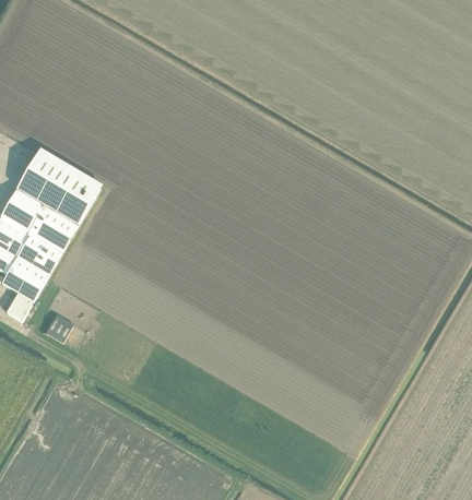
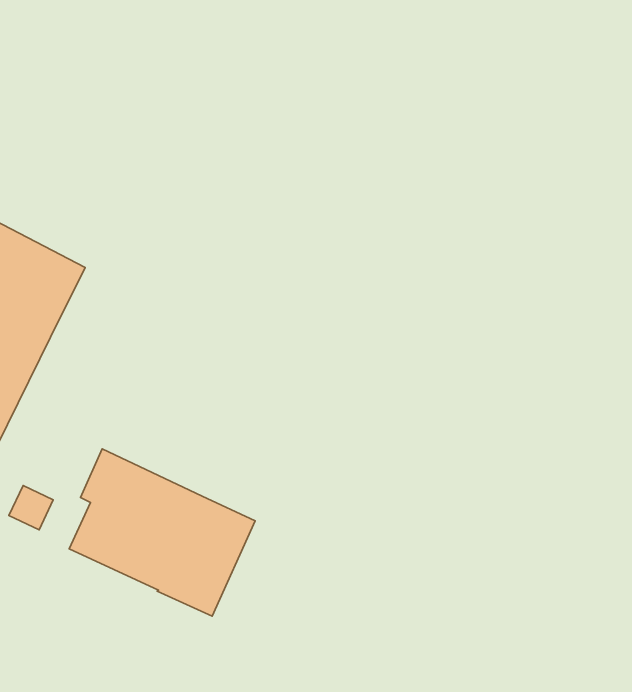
building: none -> [69,449,255,616]

